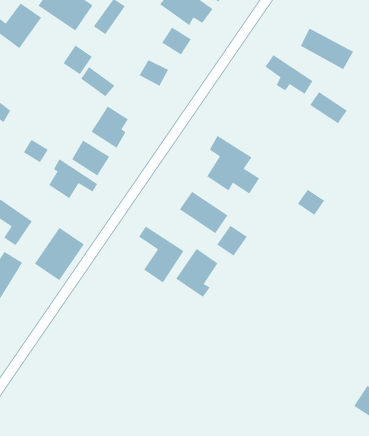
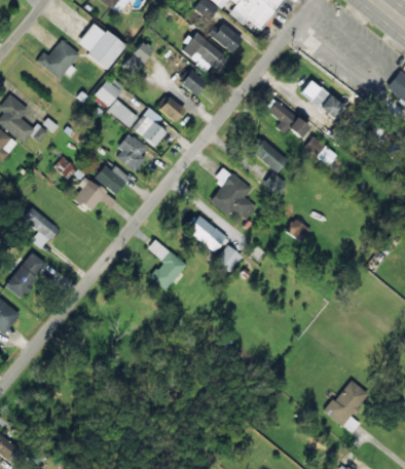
building: none -> [133,107,168,146]
building: none -> [253,139,288,172]
building: [34,227,85,281] -> none
building: [175,248,219,298] -> none

